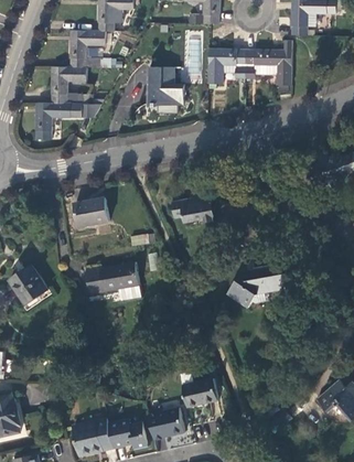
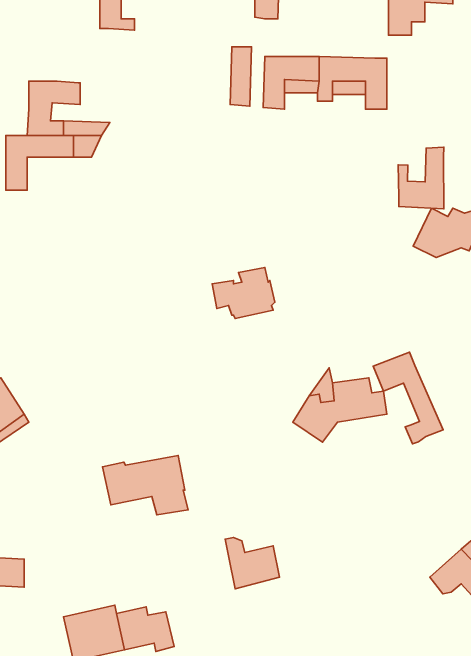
building: [69,31,104,67] -> none
building: [147,67,182,105] -> none
building: none -> [398,147,444,209]
building: [78,202,111,227] -> none
building: none -> [373,352,443,444]
building: [85,265,142,304] -> [102,455,188,515]
building: [150,407,186,438] -> none

